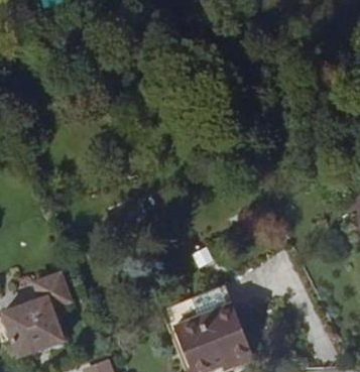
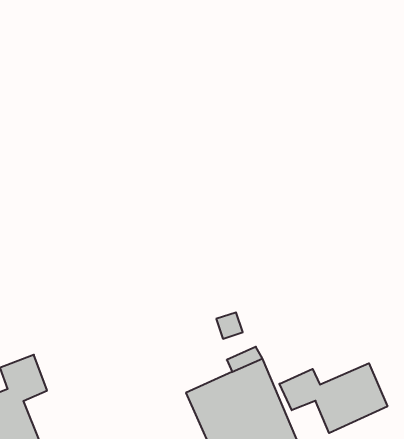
building: none -> [279,363,387,433]

